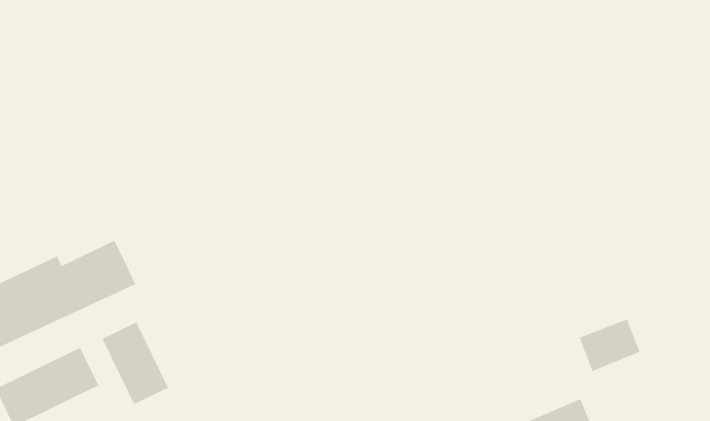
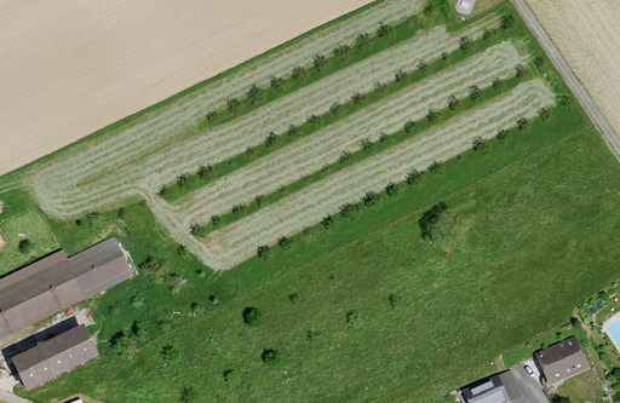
building: [579,319,640,372] -> [533,339,585,384]
building: [102,322,169,405] -> none

